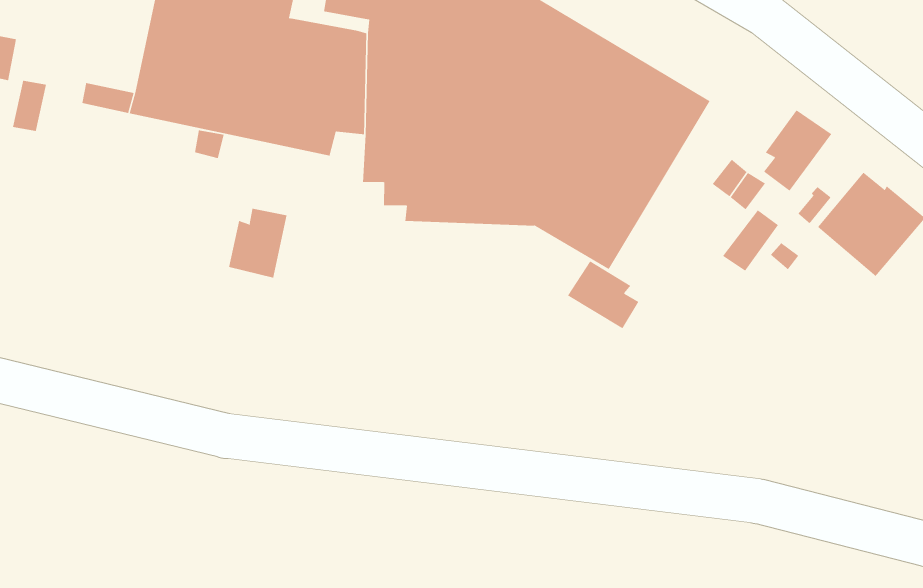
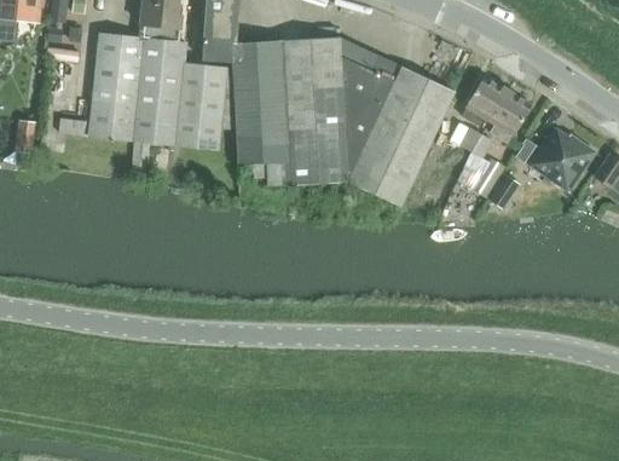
building: none -> [462,77,508,126]
building: [229,208,287,278] -> none
building: [567,260,639,329] -> none

